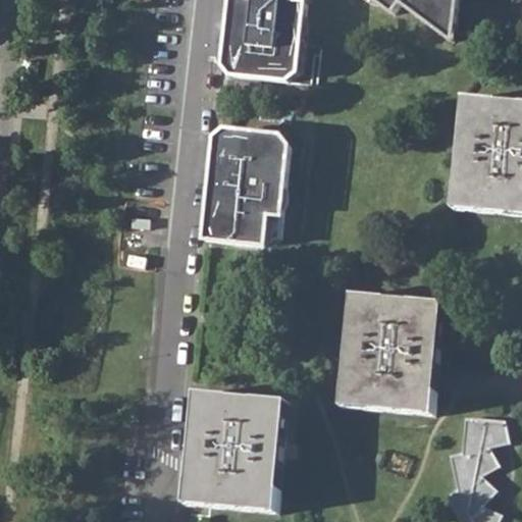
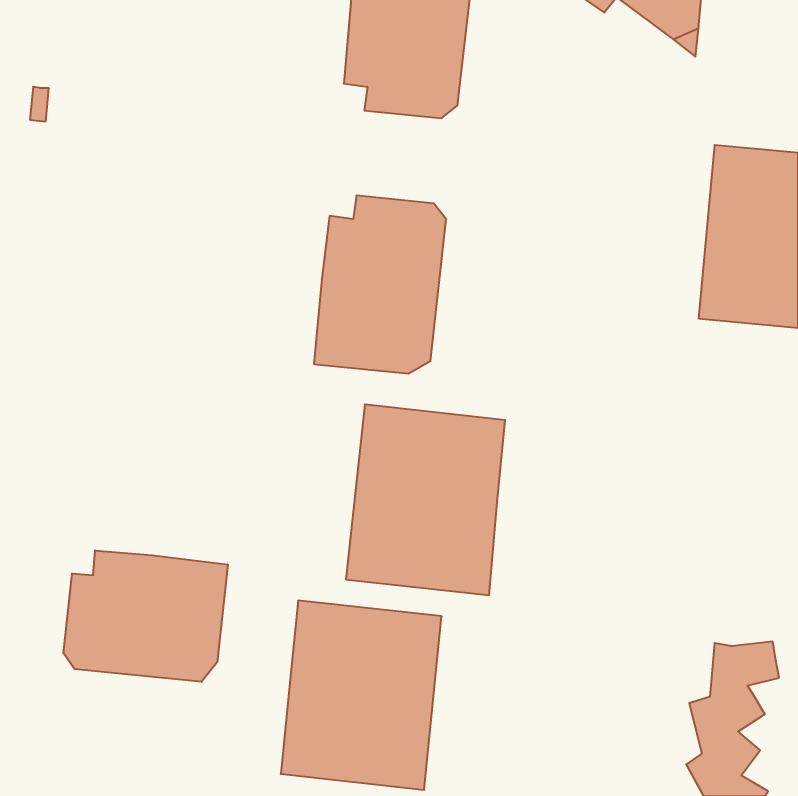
building: [337,291,440,414] -> [346,404,505,595]
building: none -> [63,550,228,682]

